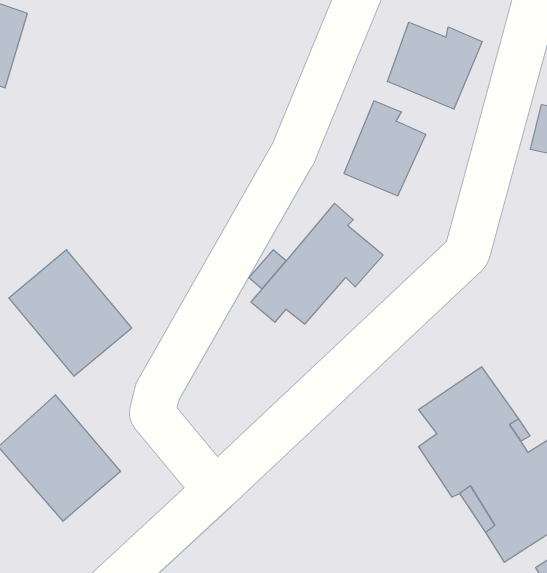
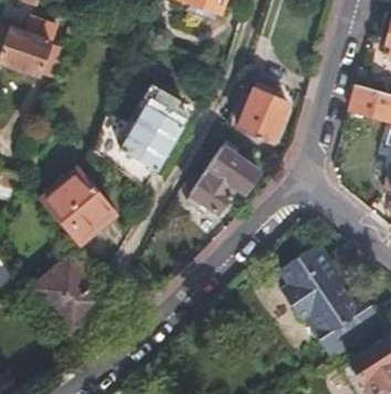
building: [387,22,482,109] -> none
building: none -> [94,85,177,177]

